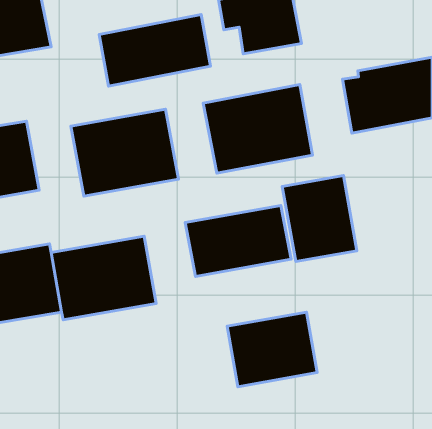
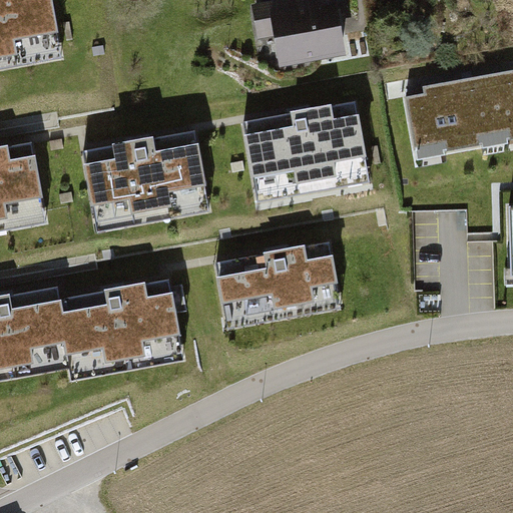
building: [99,15,211,86] -> none
building: [282,176,357,262] -> none
building: [227,312,317,387] -> none

